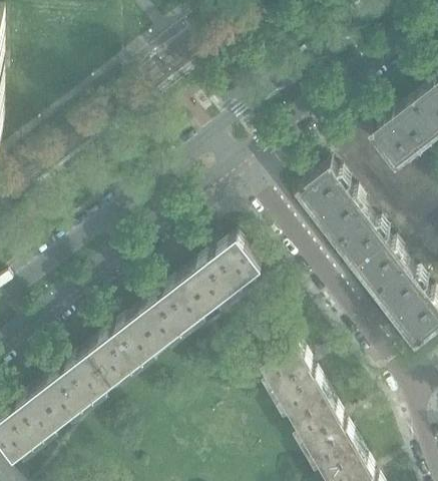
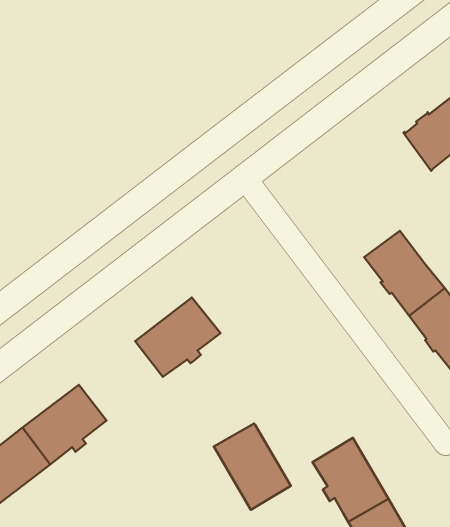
building: [296,170,367,245] -> none
building: [185,242,259,311] -> none
building: [87,318,160,387] -> none
building: [259,348,326,423] -> [214,424,291,510]

